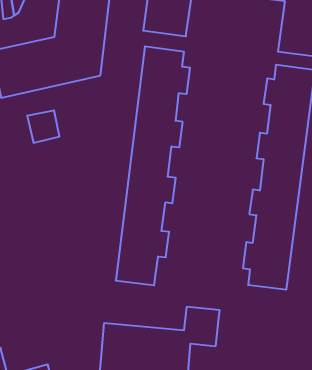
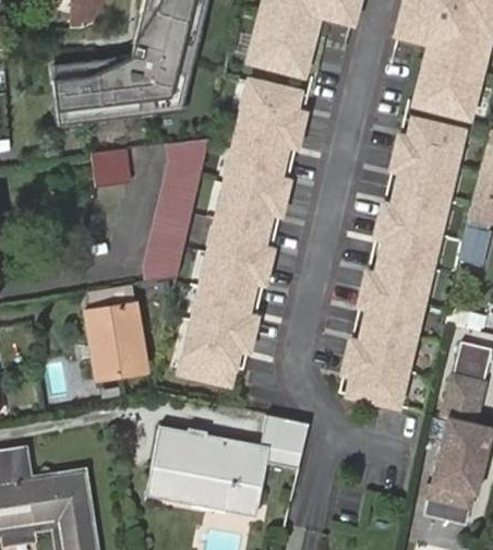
building: none -> [143,139,211,283]
building: none -> [84,286,141,379]

